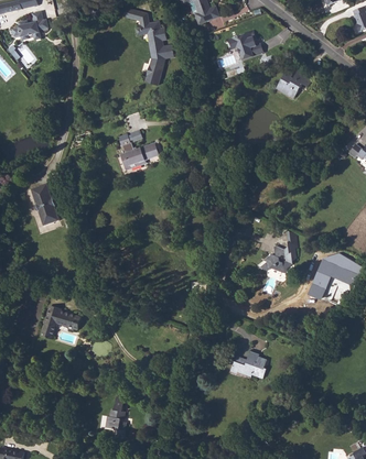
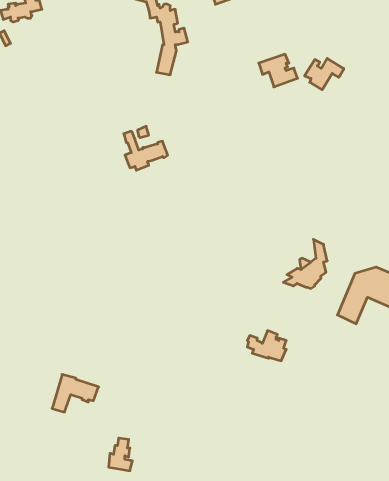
building: [229,31,263,59] -> [259,54,298,87]
building: [30,182,57,223] -> none
building: [41,306,82,339] -> [52,374,99,412]
building: [233,351,267,378] -> [247,331,286,361]

